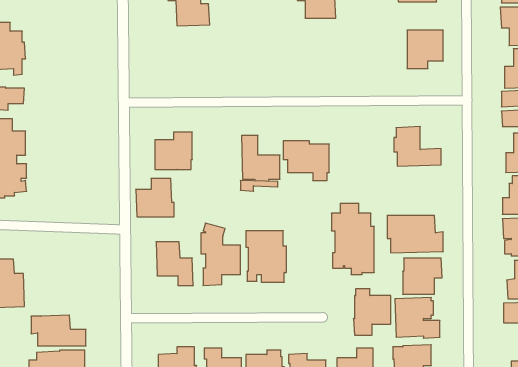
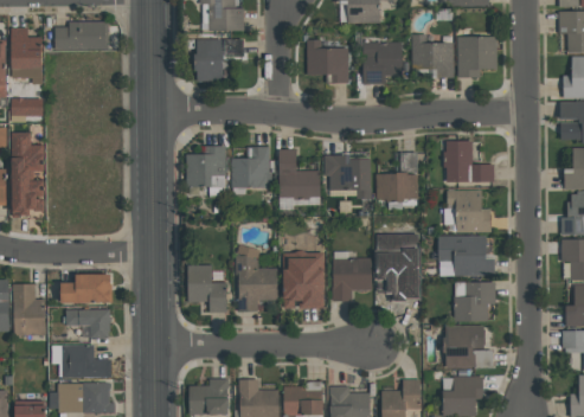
building: none -> [54,21,108,49]
building: none -> [411,33,454,77]
building: none -> [197,38,243,81]
building: none -> [306,39,347,83]
building: none -> [362,41,403,84]
building: none -> [376,152,417,208]
building: none -> [443,190,490,232]
building: [136,178,174,217] -> [230,146,271,187]
building: none -> [63,274,114,302]
building: none -> [65,309,111,338]
building: [353,289,391,335] -> [330,251,371,301]

